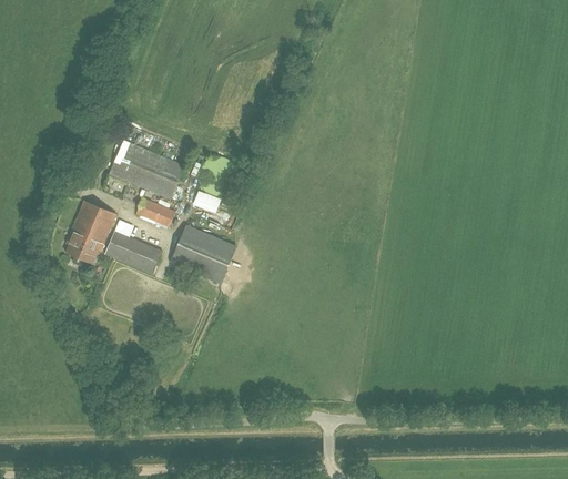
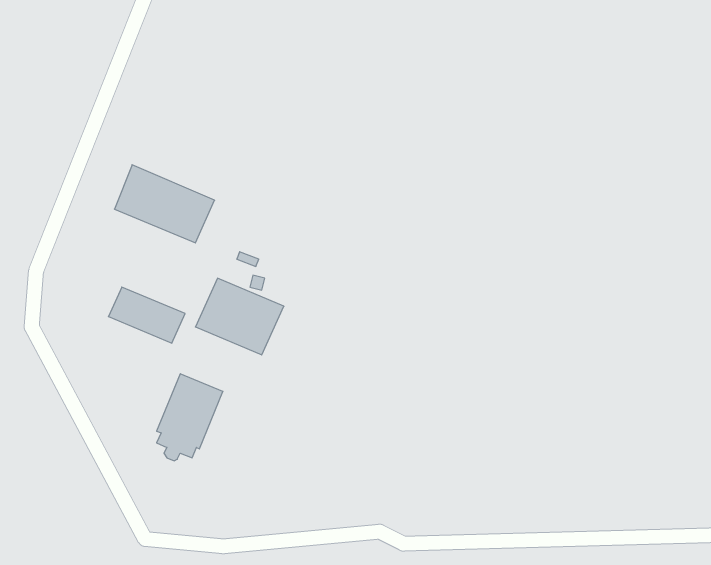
building: [135,197,175,227] -> none
building: [65,201,115,266] -> [157,374,223,461]

